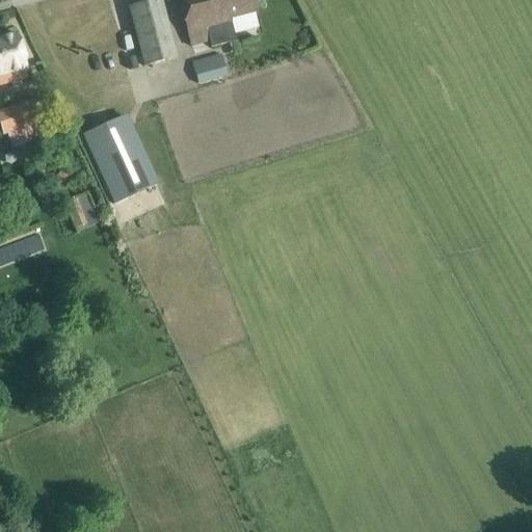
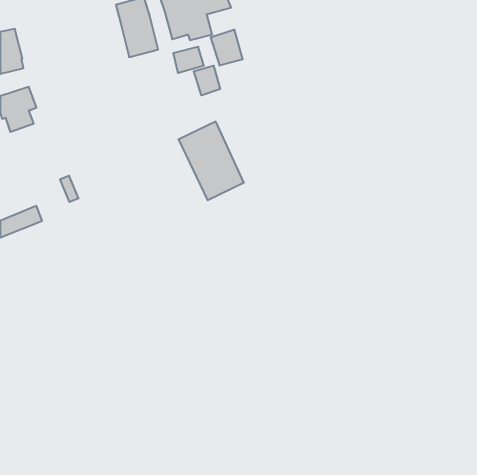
building: none -> [211,29,243,66]
building: none -> [194,66,220,95]
building: [83,114,156,202] -> [178,122,244,200]

